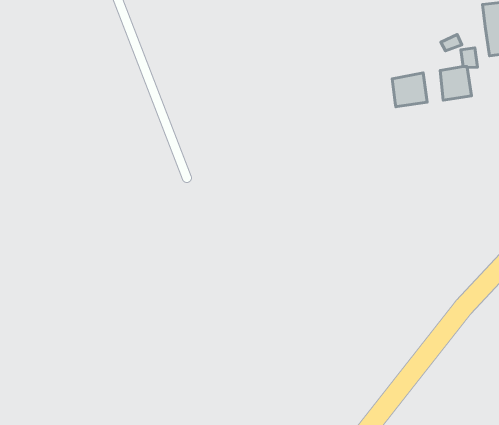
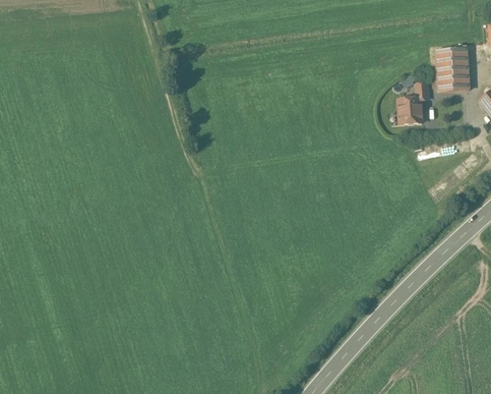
building: [392,73,427,107] -> none

